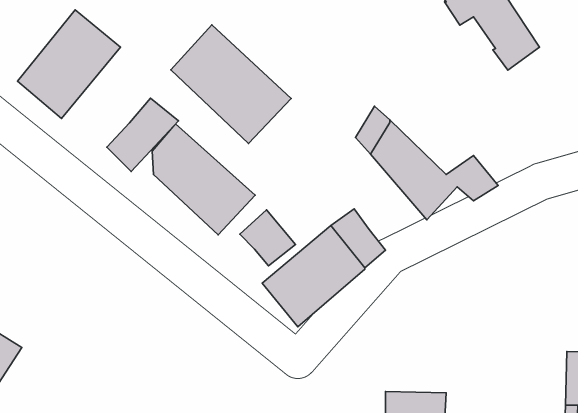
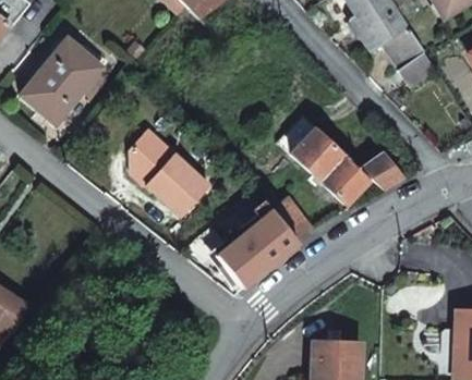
building: [171,25,291,143] -> none
building: [107,98,178,171] -> none
building: [240,210,295,266] -> none

